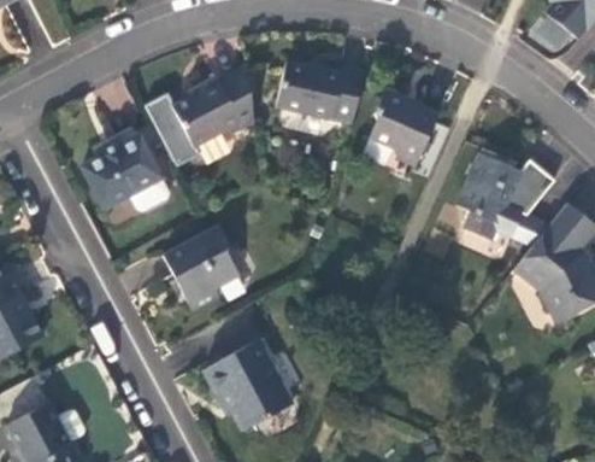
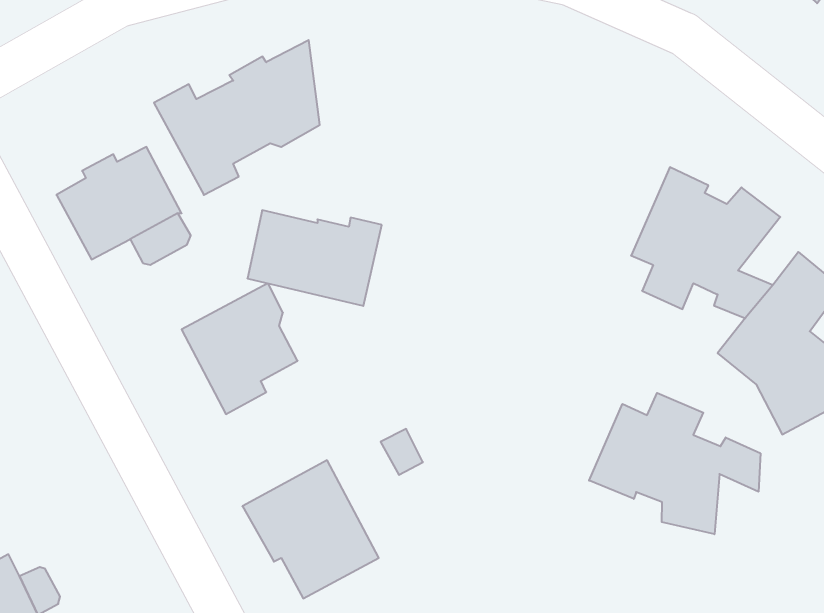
building: [276,62,364,124] -> [247,210,382,306]
building: [369,92,437,165] -> none
building: none -> [589,393,760,534]

